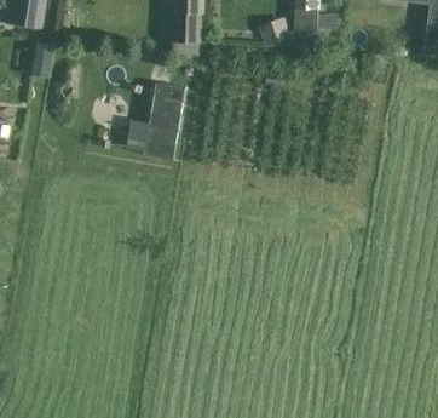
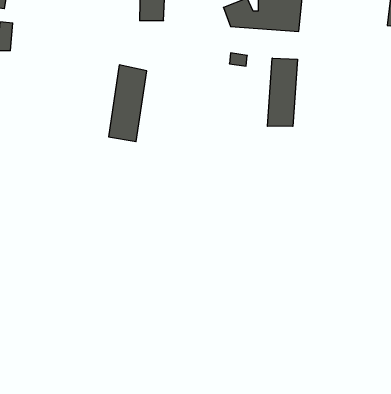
building: none -> [267,58,297,126]

